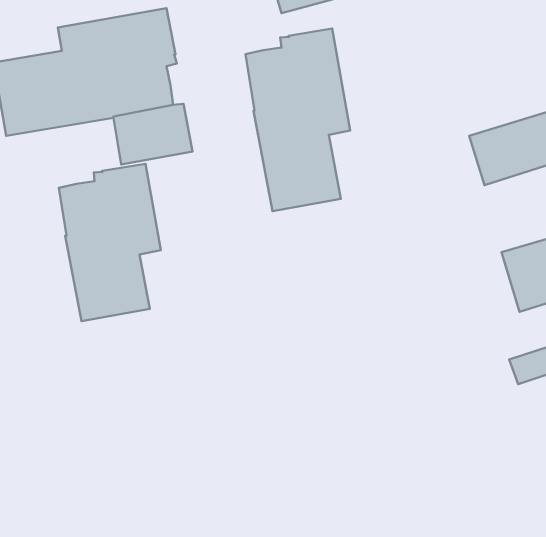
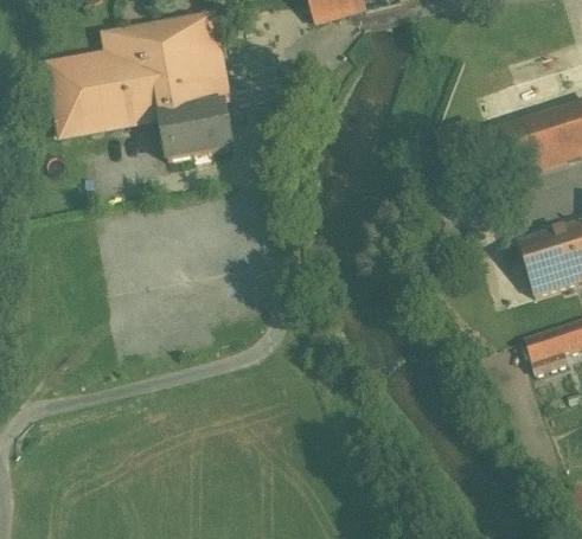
building: [246,29,350,211] -> none
building: [59,164,161,321] -> none

